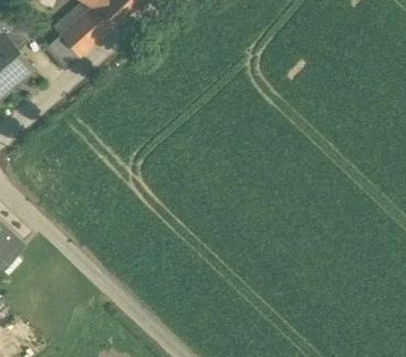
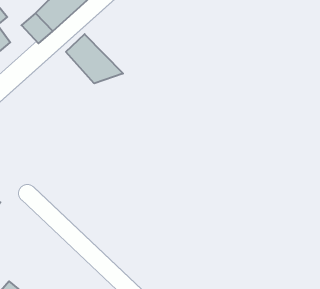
building: none -> [66,34,123,83]

